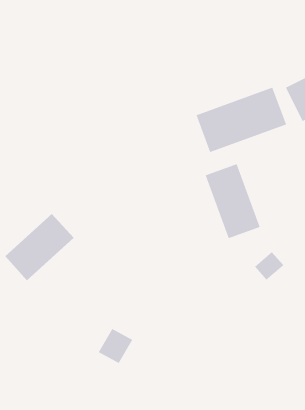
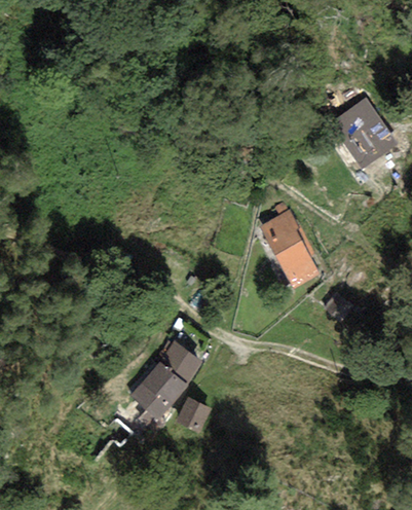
building: [196,87,287,153] -> none
building: [4,213,74,281] -> [130,341,200,415]

